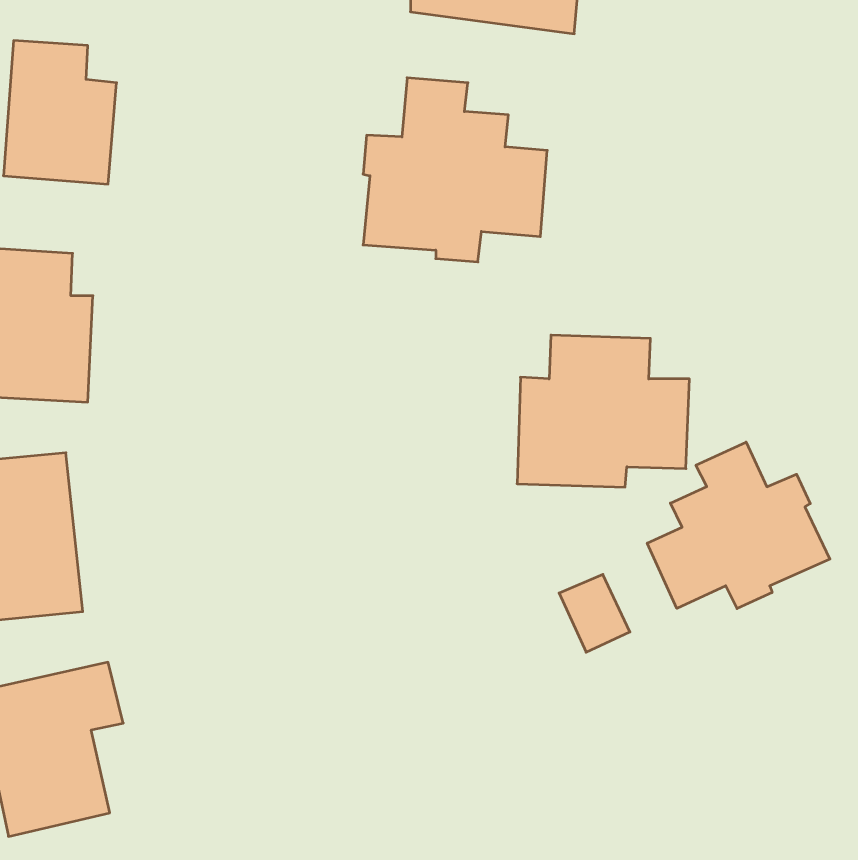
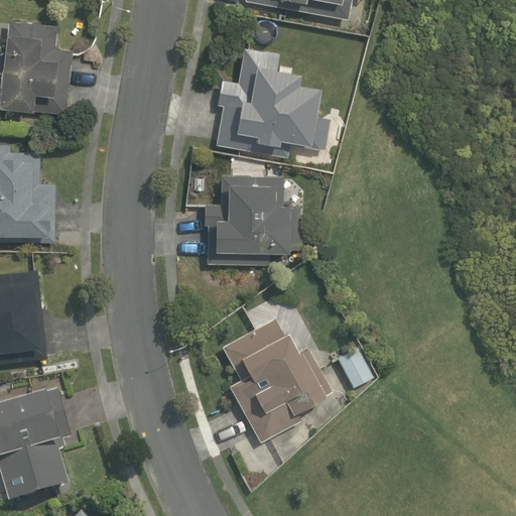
building: [517,335,689,487] -> [202,175,304,266]
building: [647,442,830,609] -> none
building: none -> [219,313,329,442]

